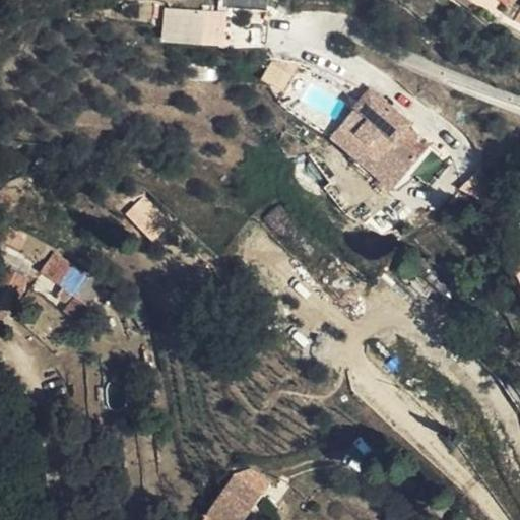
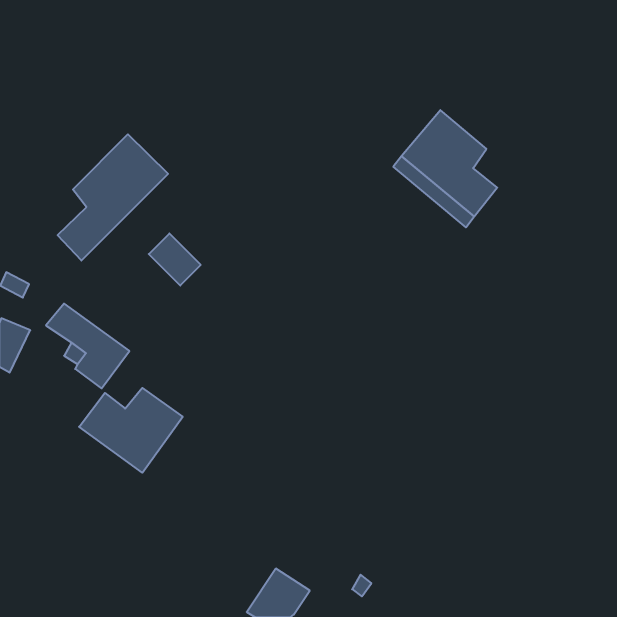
building: [160,9,225,44] -> none
building: none -> [58,134,168,261]
building: none -> [79,388,183,473]

